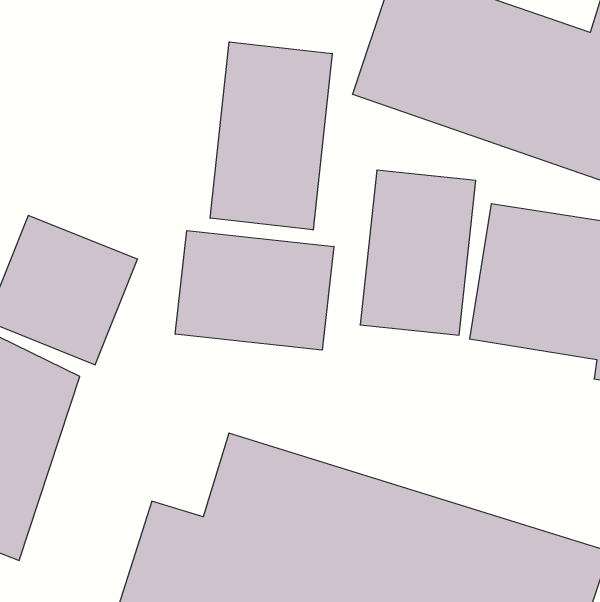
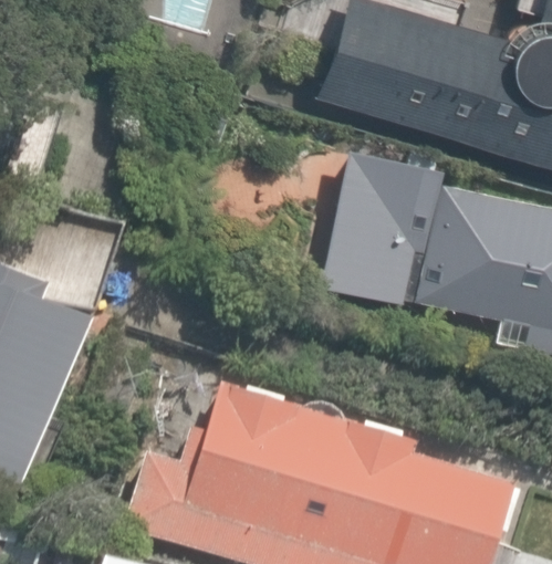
building: [210,42,332,230] -> none
building: [175,231,334,350] -> none

